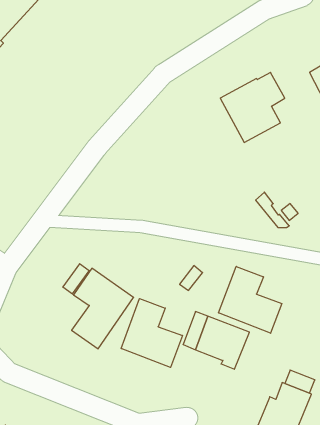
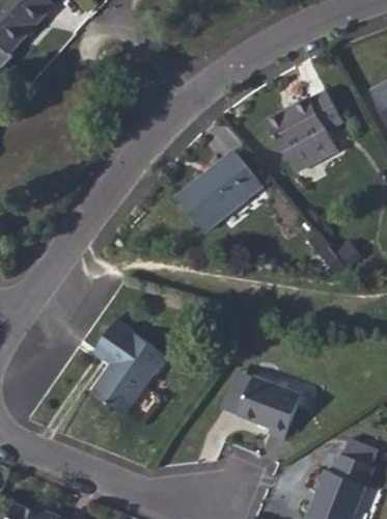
building: none -> [175,151,262,233]
building: [219,266,282,333] -> none
building: [121,299,182,367] -> none

